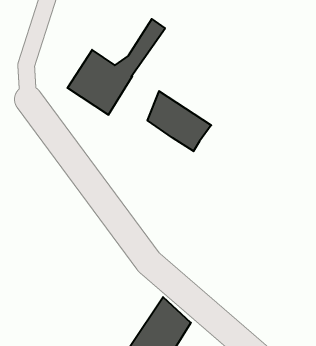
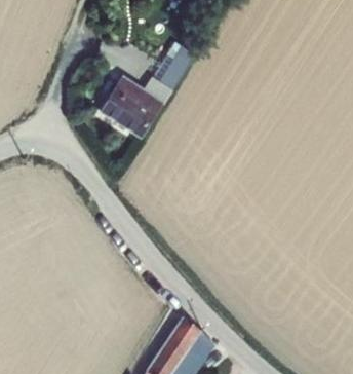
building: [147,91,211,151] -> none

